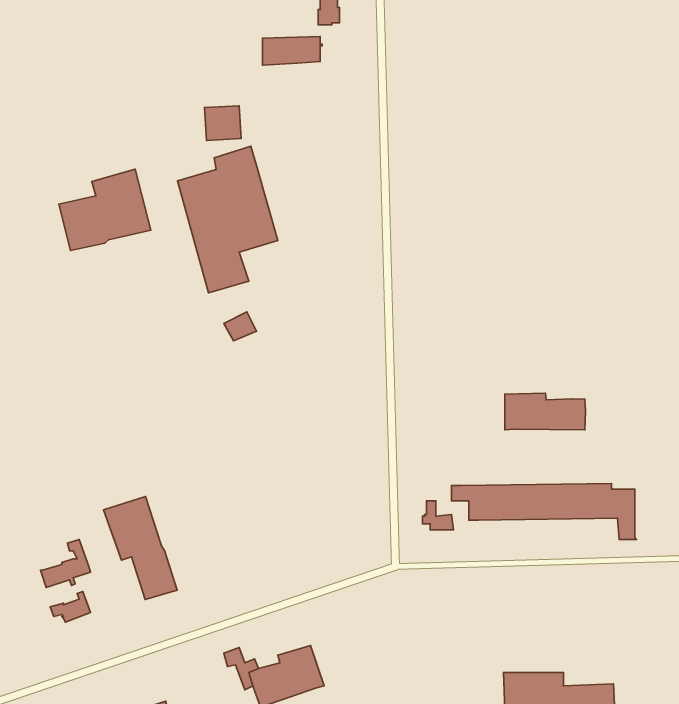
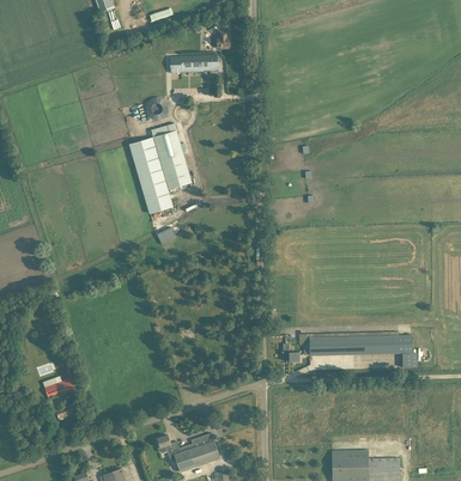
building: [59,169,151,251] -> none
building: [505,393,585,430] -> none
building: [103,497,177,600] -> none

